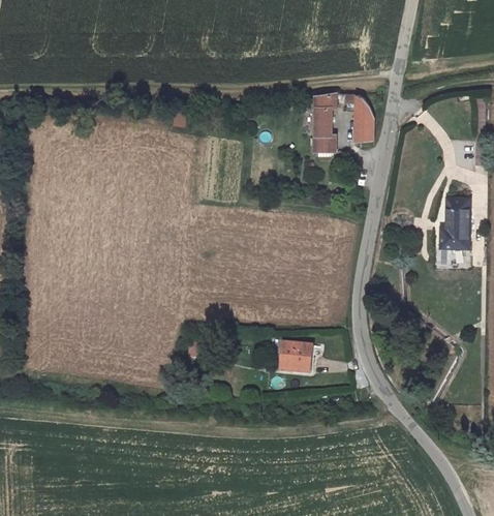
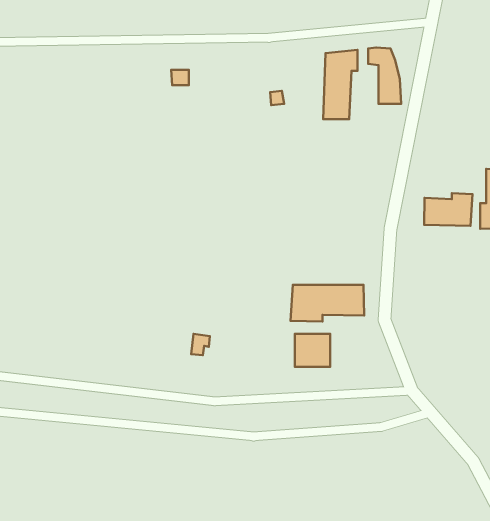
building: none -> [424,193,473,226]
building: none -> [291,285,364,322]

